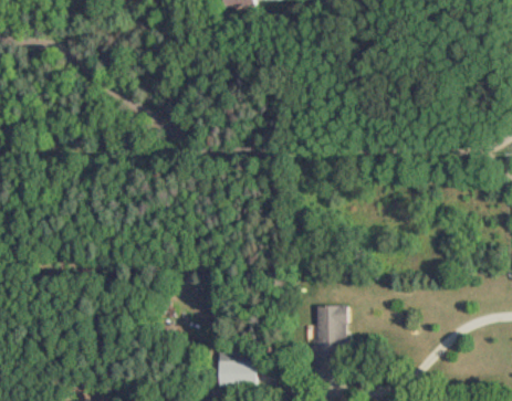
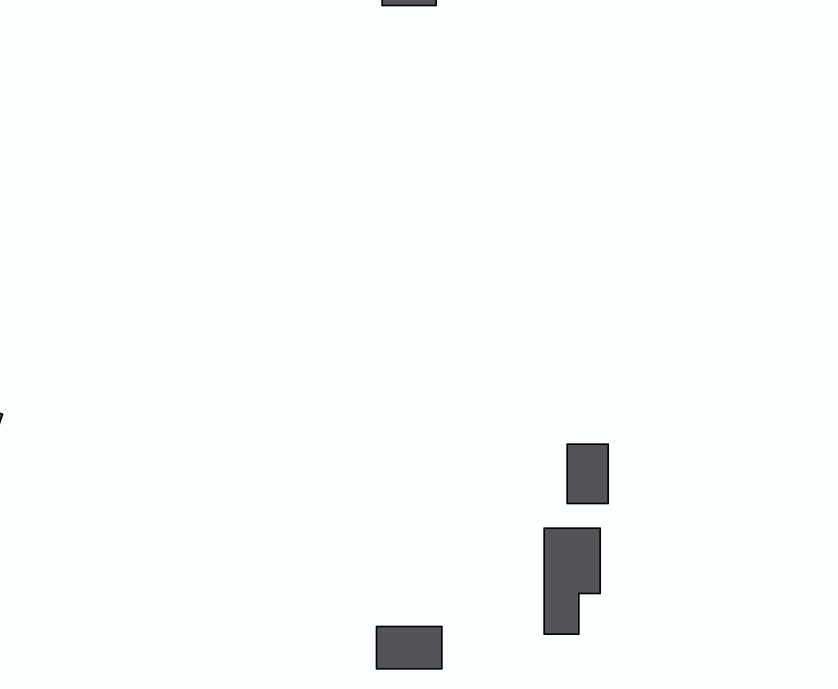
building: none -> [567,444,608,504]

